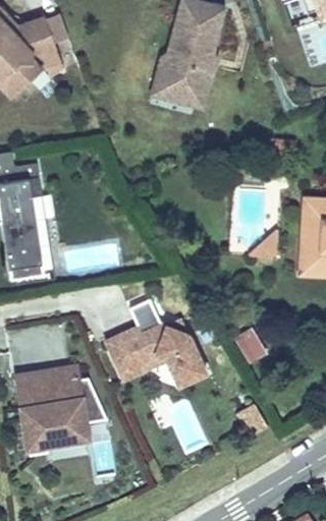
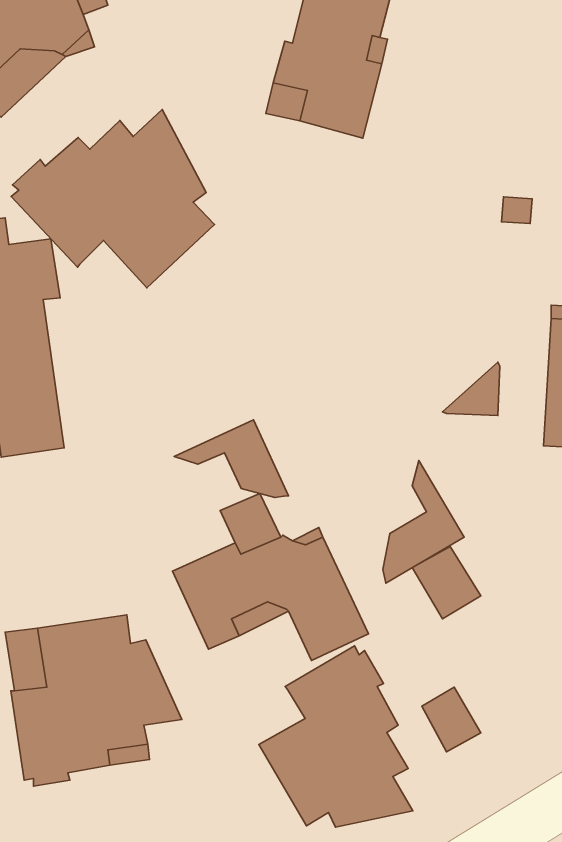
building: none -> [11,110,215,288]
building: none -> [174,420,288,497]
building: none -> [383,460,464,583]
building: none -> [259,646,413,827]

